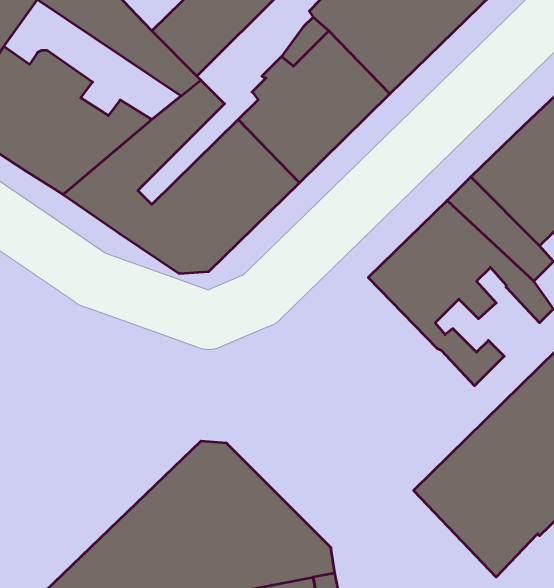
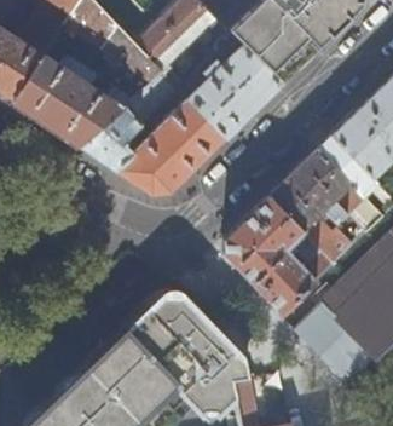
building: none -> [224,196,333,313]

